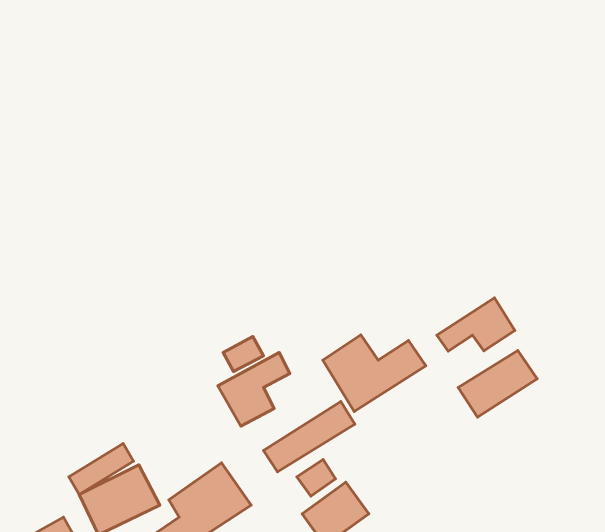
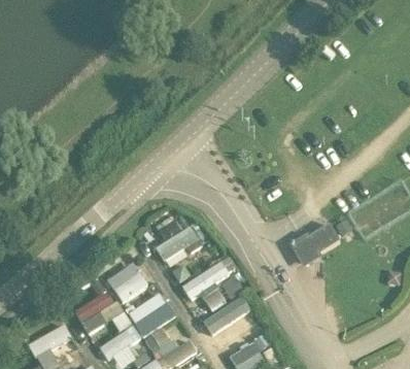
building: [437,298,515,351] -> none
building: [323,335,426,411] -> none
building: none -> [106,263,147,303]

